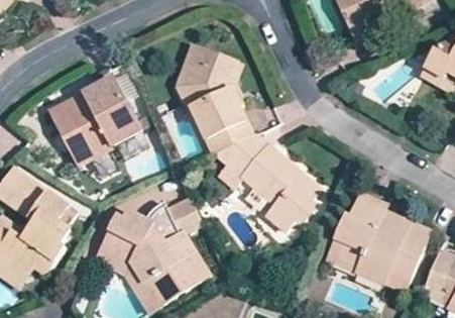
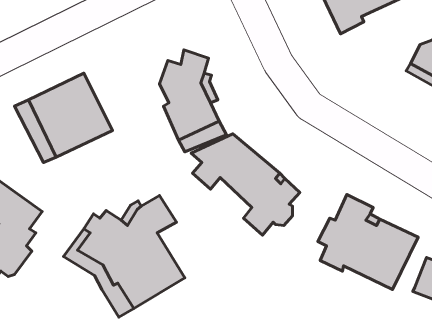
building: [174,47,208,110] -> none
building: [326,236,406,293] -> none

